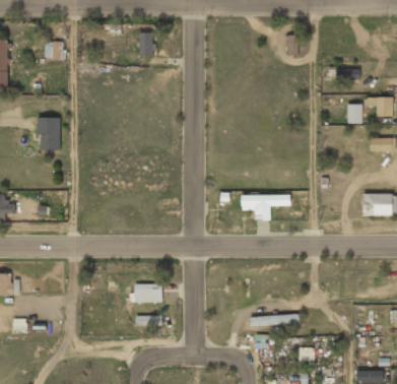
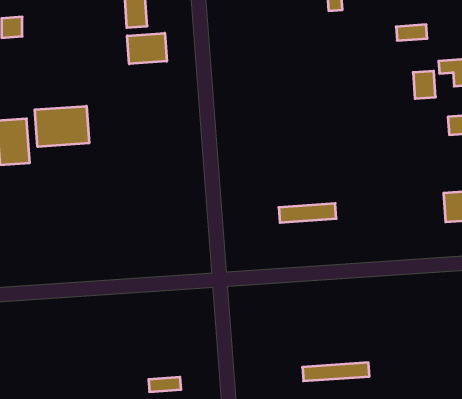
building: none -> [127,33,167,64]
building: none -> [35,106,89,147]
building: [134,284,160,303] -> none

